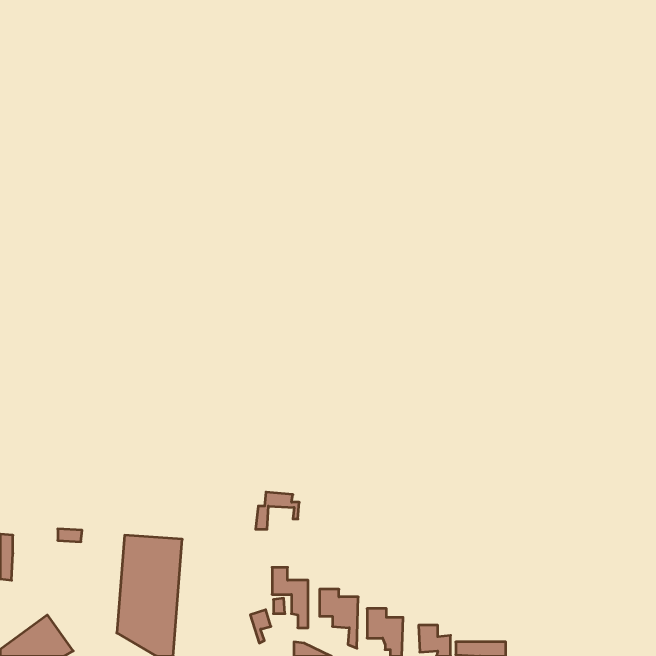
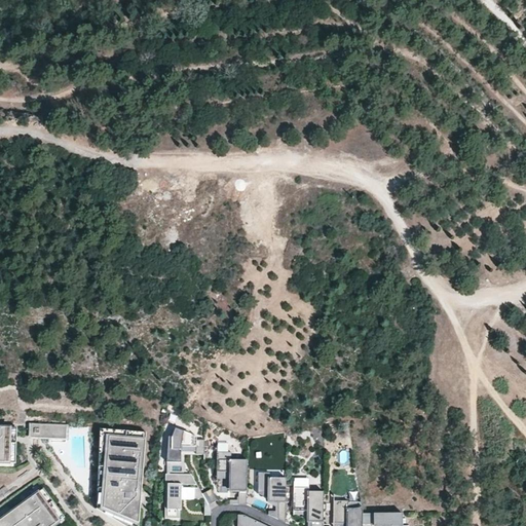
building: [256,492,299,529] -> [170,431,204,461]
building: none -> [163,475,196,519]

